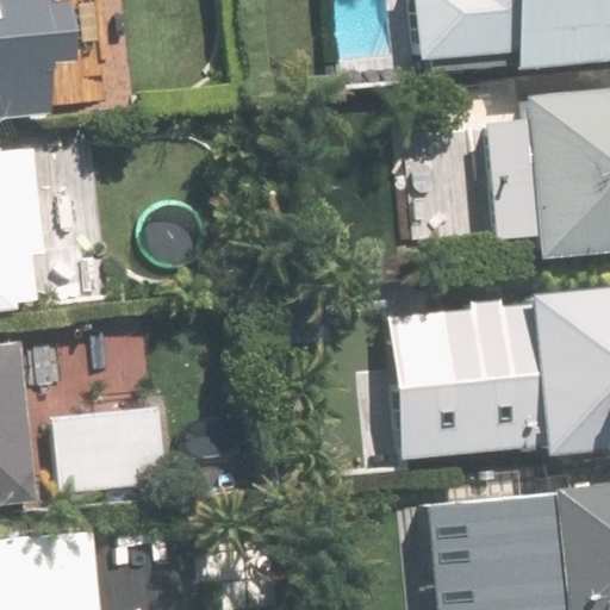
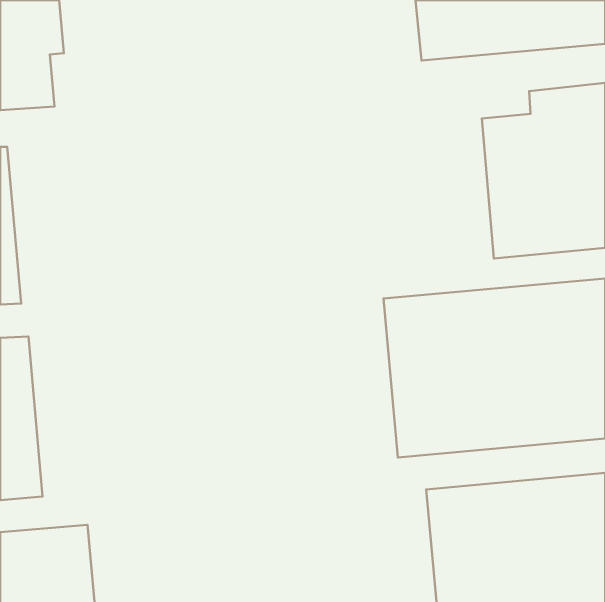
building: [52,411,167,493] -> none

